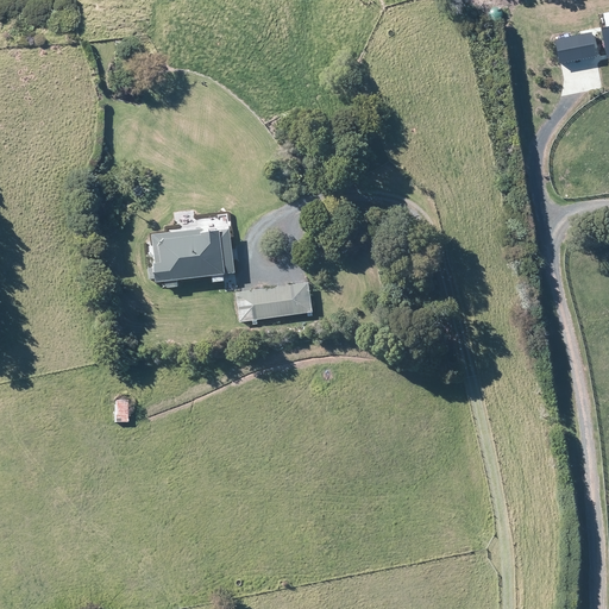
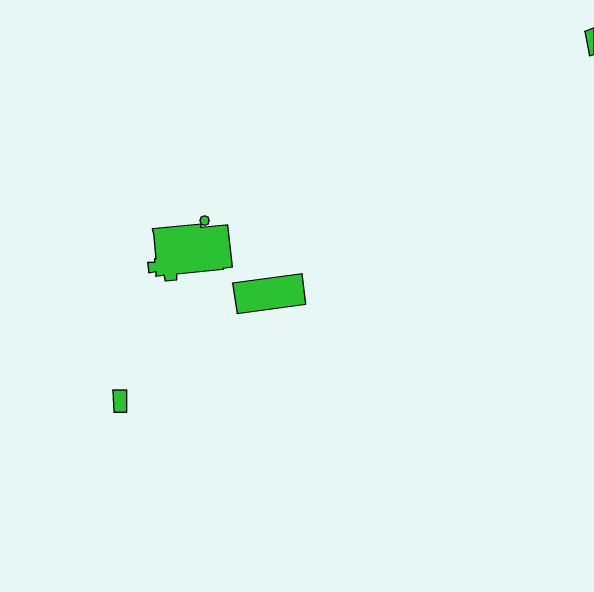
building: [552,32,594,65] -> none

